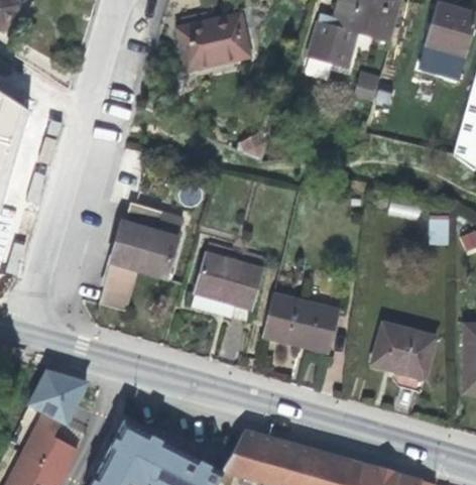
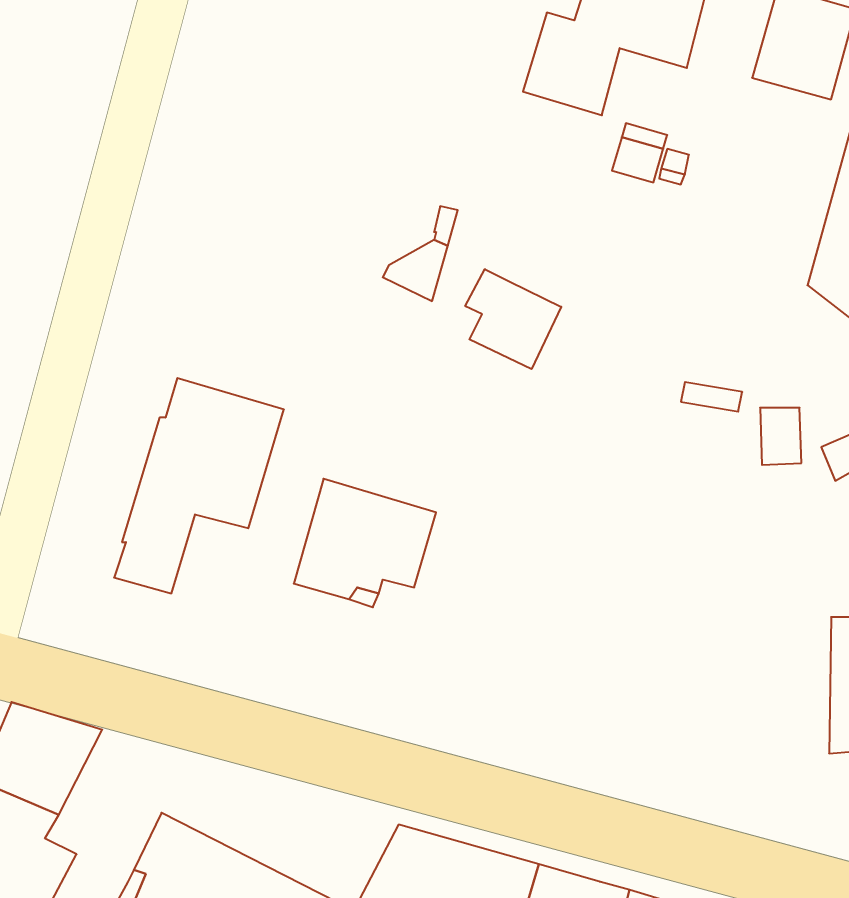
building: [174,13,250,74] -> none
building: [419,48,465,80] -> none
building: none -> [465,269,561,369]
building: [262,293,341,354] -> none
building: [373,323,437,379] -> none

